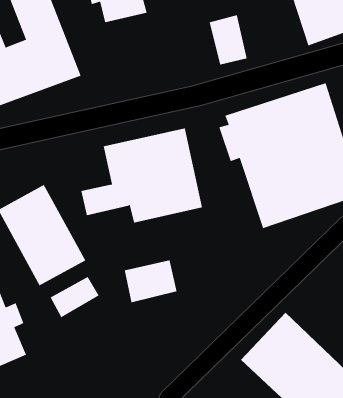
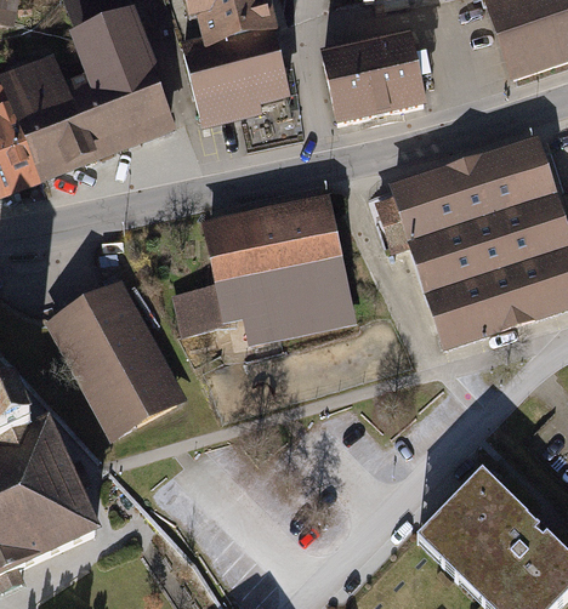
building: none -> [189,33,288,116]
building: none -> [323,46,379,119]
building: [124,260,177,303] -> none
building: [50,276,99,318] -> none

